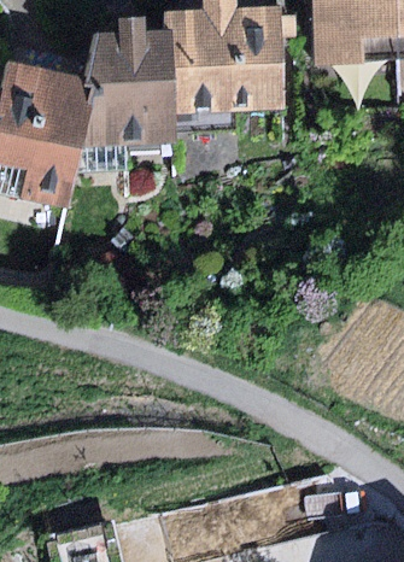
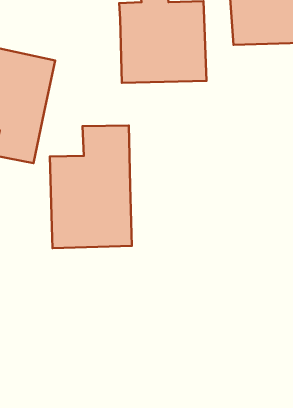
building: [82,17,180,147] -> none
building: none -> [50,126,132,248]

